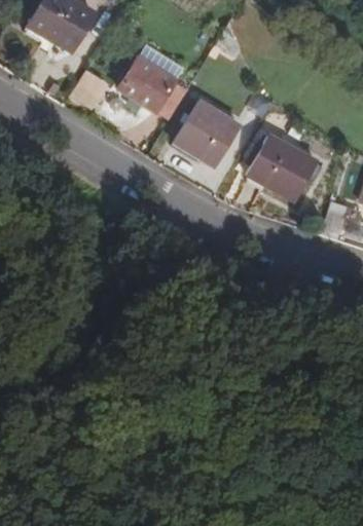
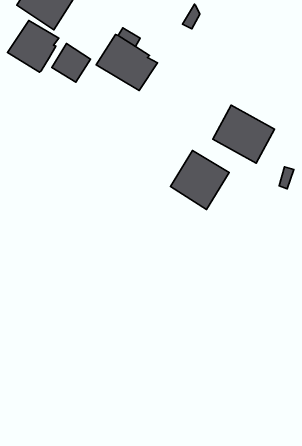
building: none -> [7,21,59,72]
building: [174,101,240,166] -> [170,151,229,209]

